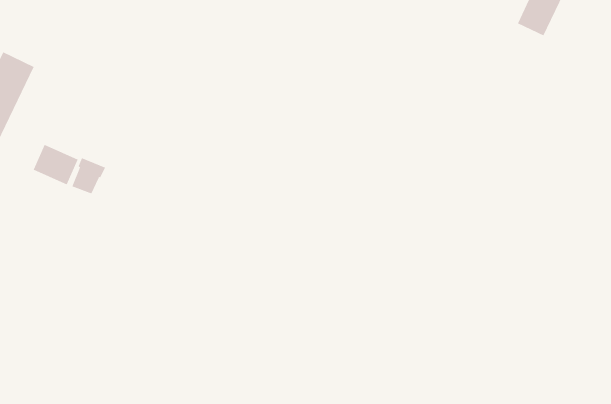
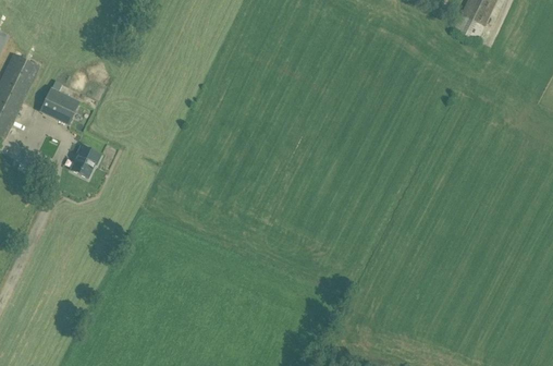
building: [33,144,79,185] -> [39,87,78,122]

